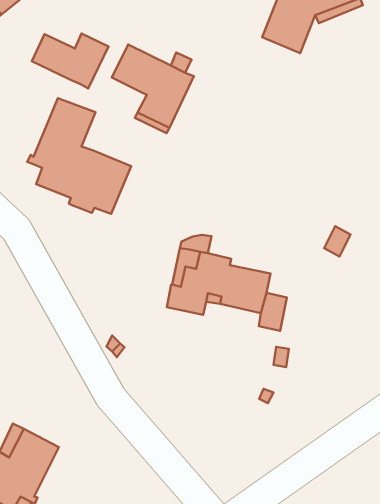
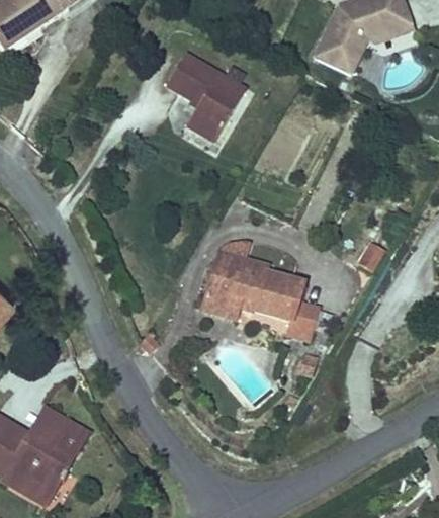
building: [32,34,109,88] -> none
building: [27,98,131,214] -> none

